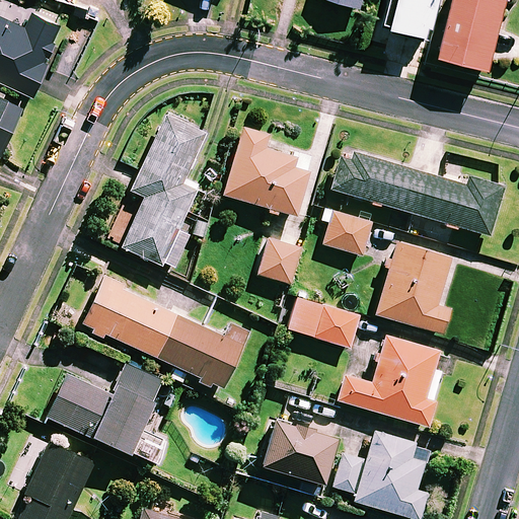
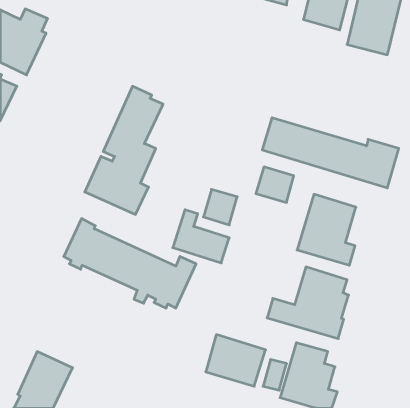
building: [224,128,310,216] -> none
building: [289,280,360,347] -> [173,210,229,263]
building: [47,362,167,463] -> none

